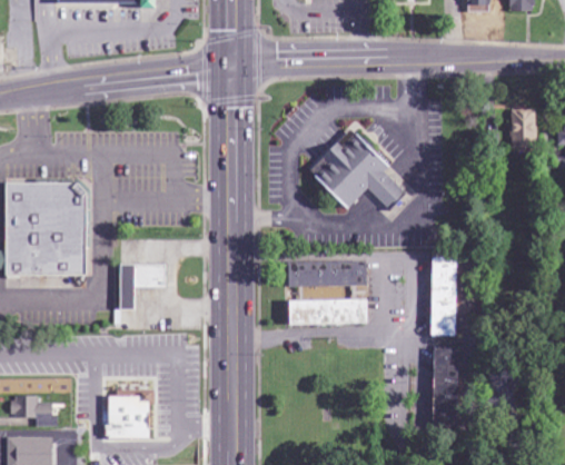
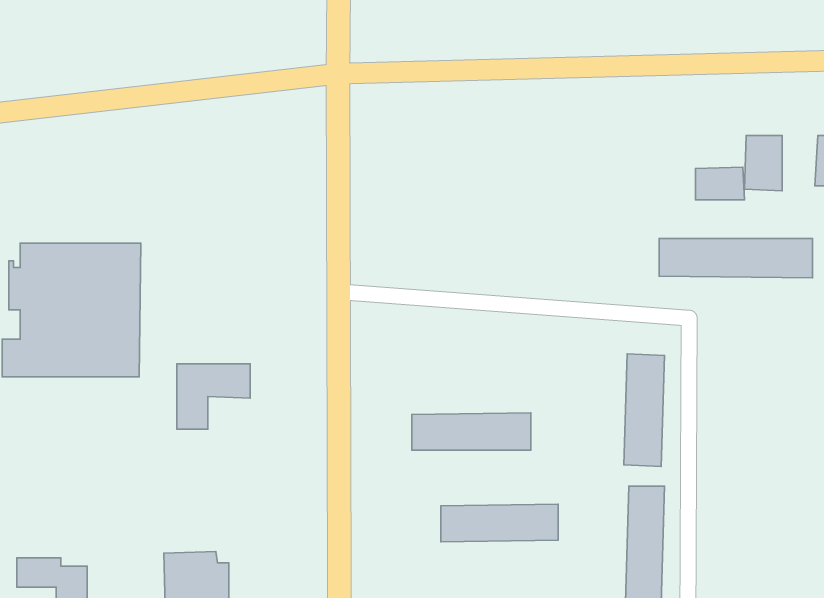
building: [305,129,400,208] -> none
building: none -> [696,167,744,200]
building: none -> [659,238,812,278]
building: [282,259,363,285] -> [441,504,558,542]

